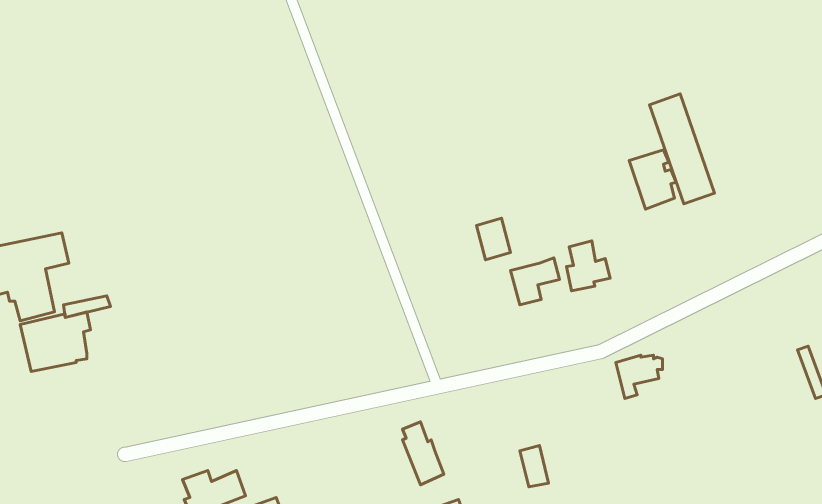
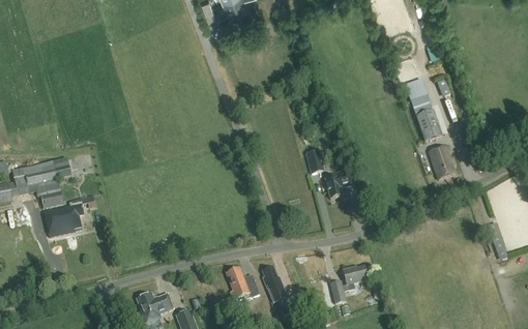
building: [629,150,676,209] -> [429,145,456,179]
building: [566,241,610,291] -> none
building: [616,355,663,398] -> [343,265,370,290]
building: none -> [226,268,259,300]

